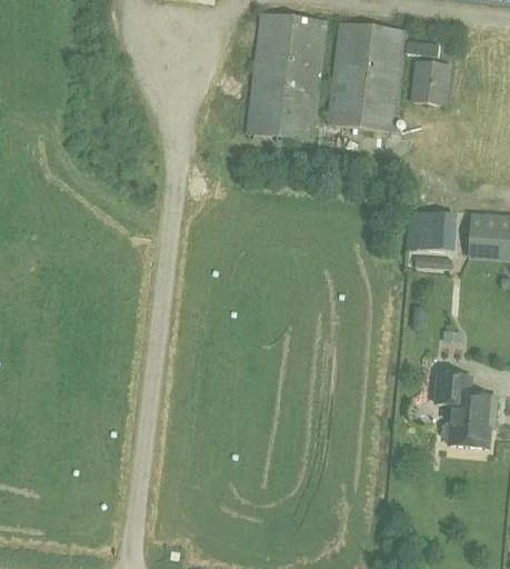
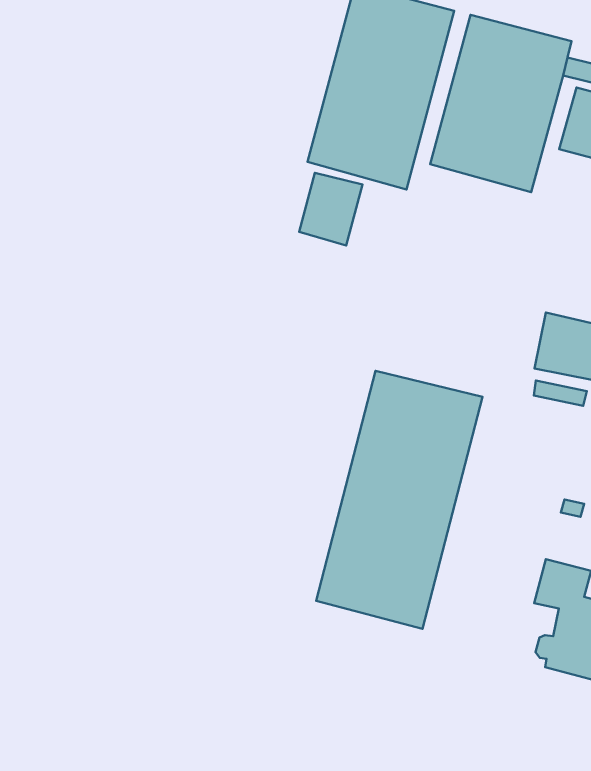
building: none -> [299,173,362,245]
building: none -> [316,371,483,629]

